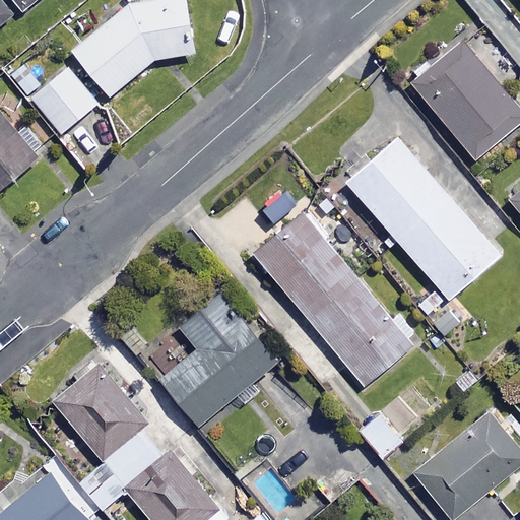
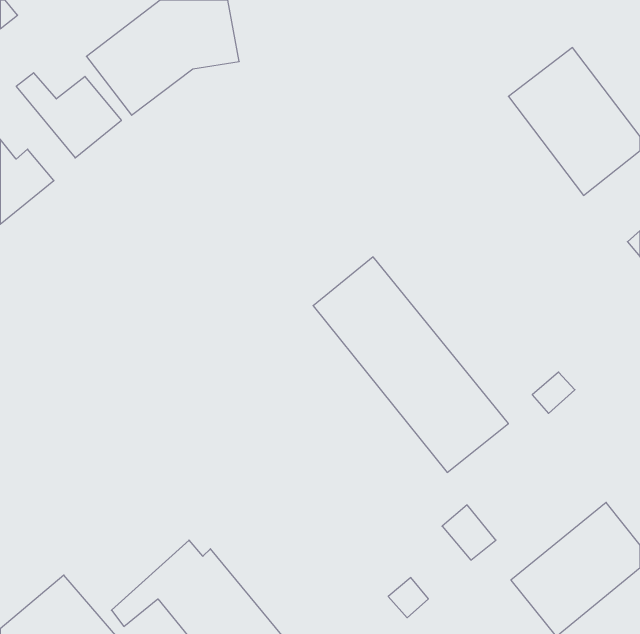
building: [346,137,499,299] -> none
building: [161,291,277,426] -> none
building: [54,364,153,500] -> none

